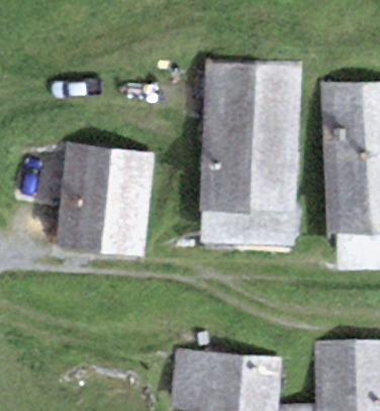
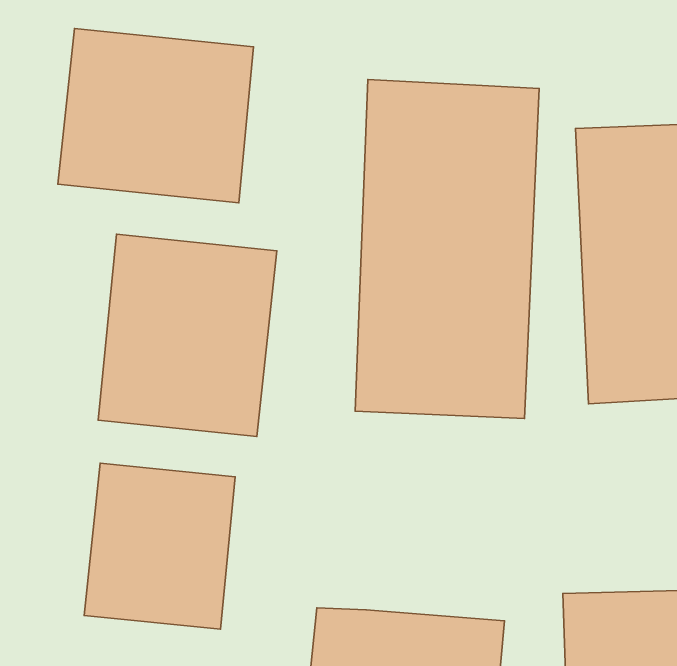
building: none -> [58,29,254,203]
building: none -> [84,463,235,629]

